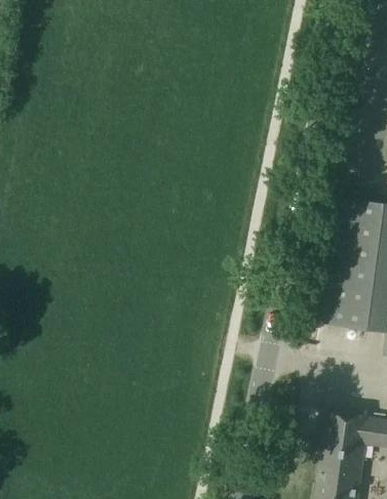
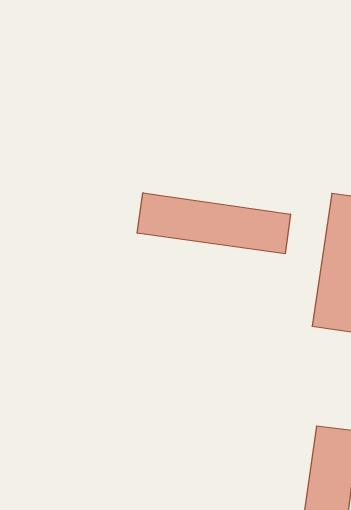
building: none -> [137,193,290,254]

